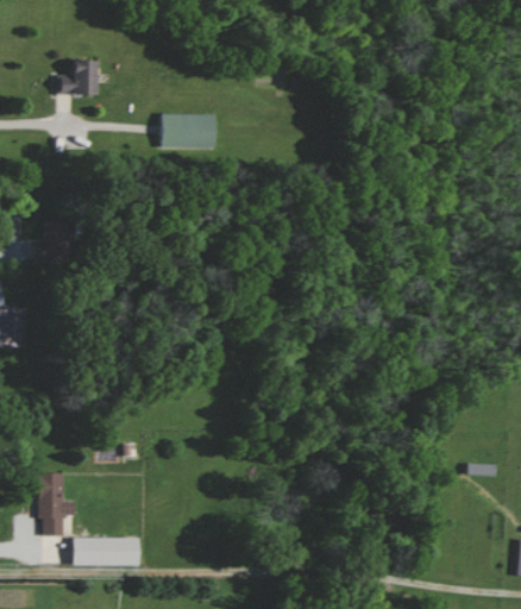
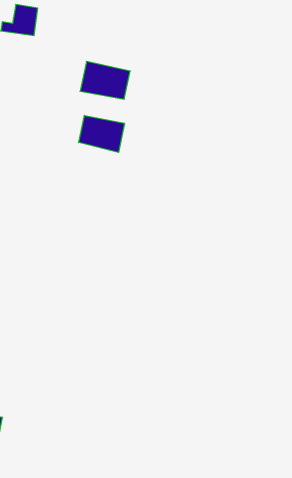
building: none -> [79,115,125,152]

